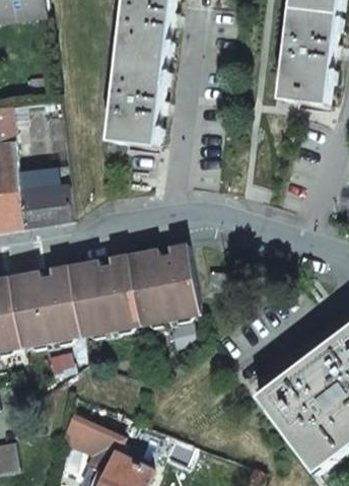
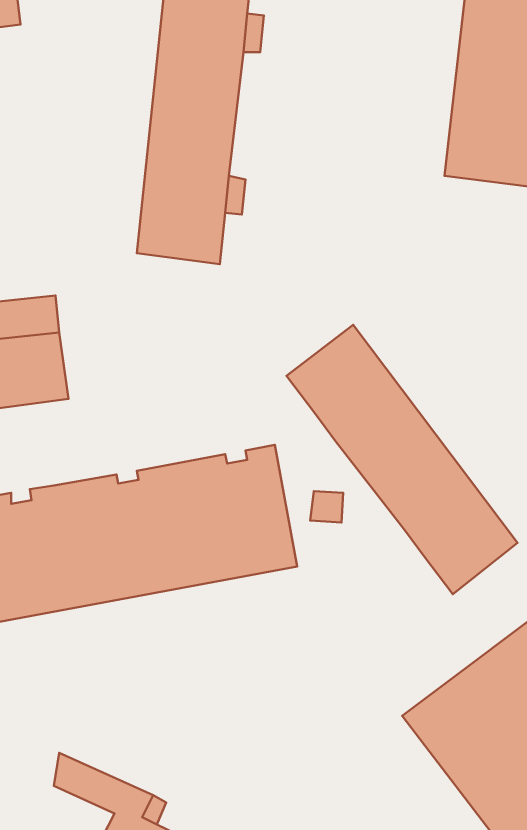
building: none -> [286,325,517,594]

